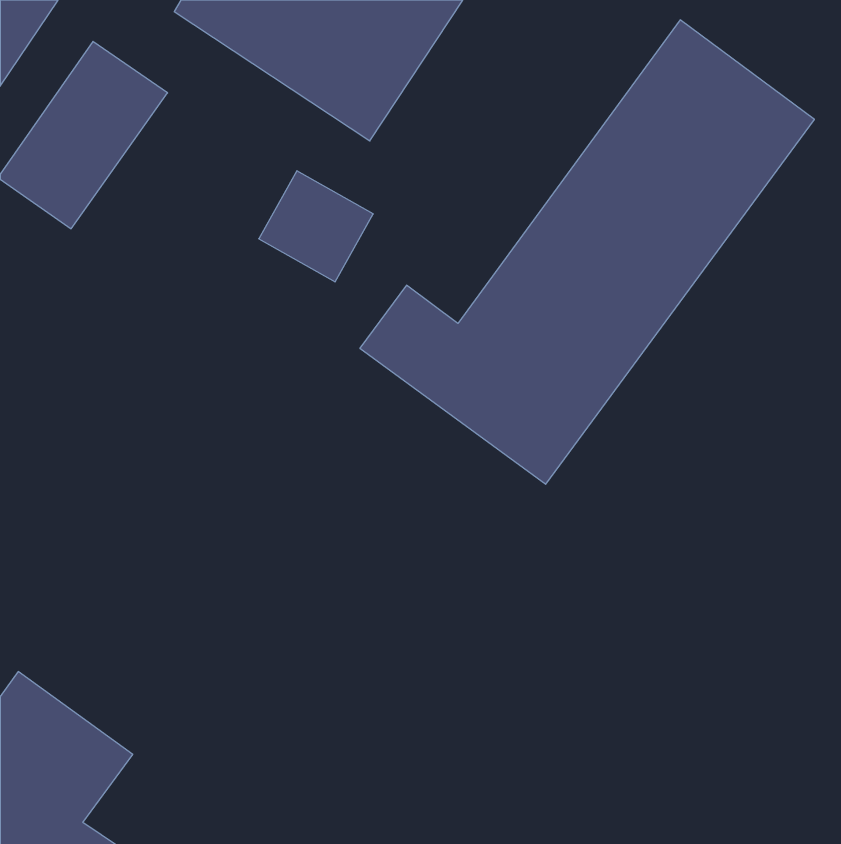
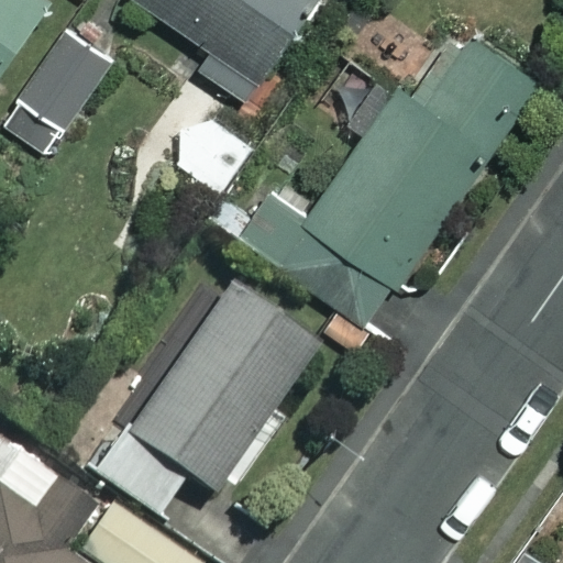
building: none -> [97,266,319,516]

